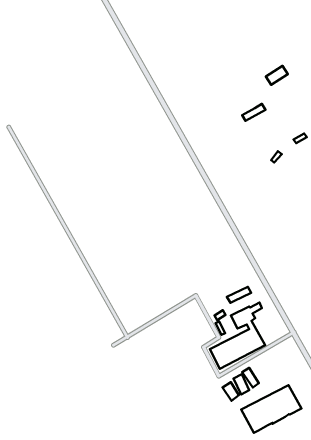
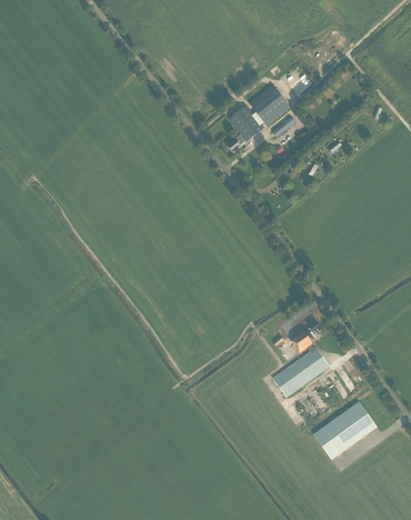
building: none -> [227,86,289,152]

